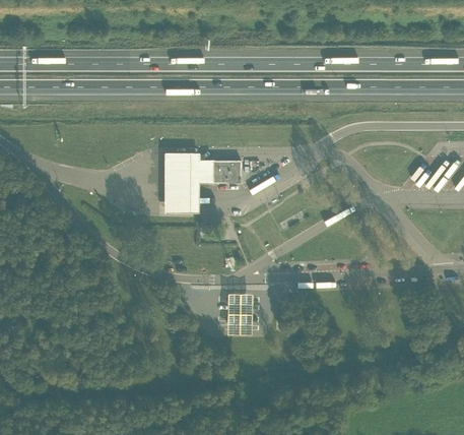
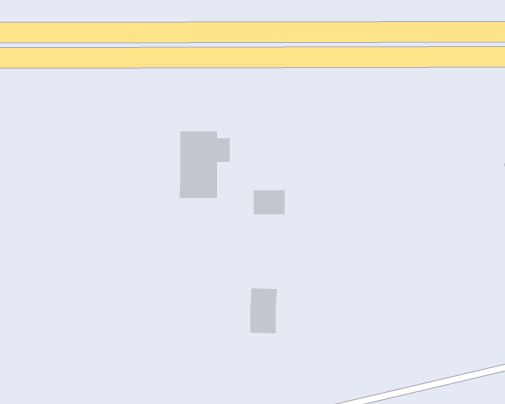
building: [210,160,240,182] -> [253,190,286,215]

